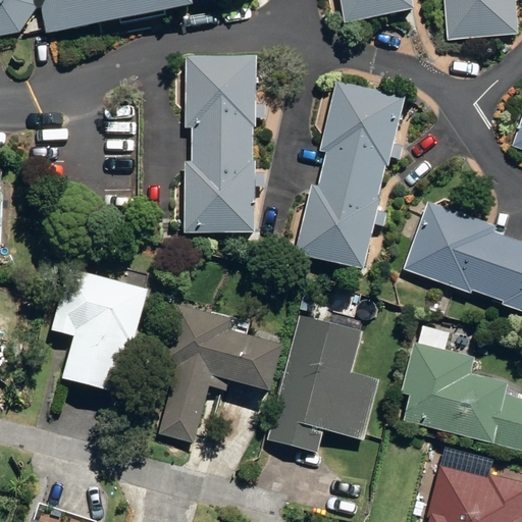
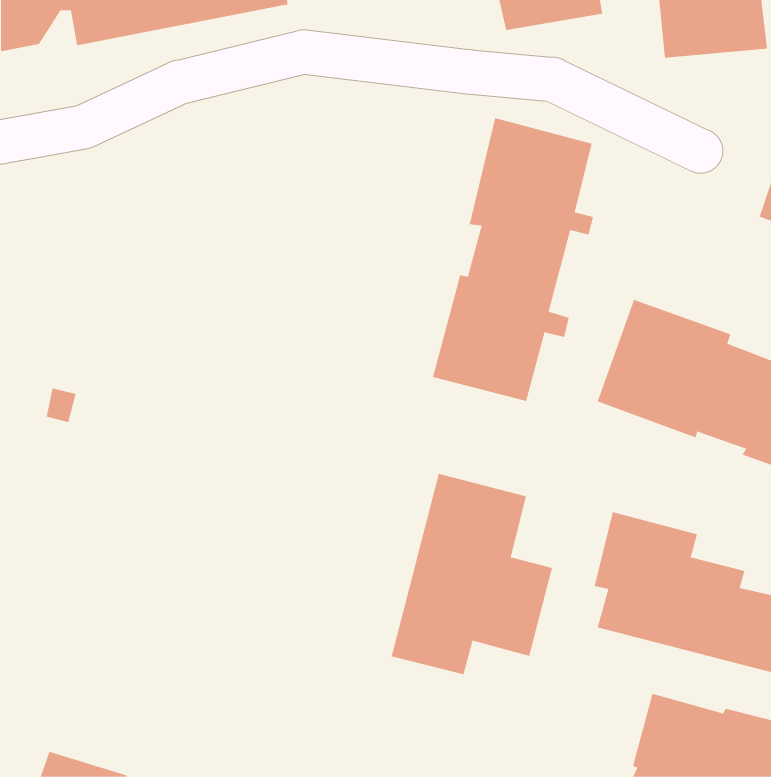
building: [185,56,267,231] -> none
building: [51,268,143,392] -> none
building: [158,303,276,441] -> none

